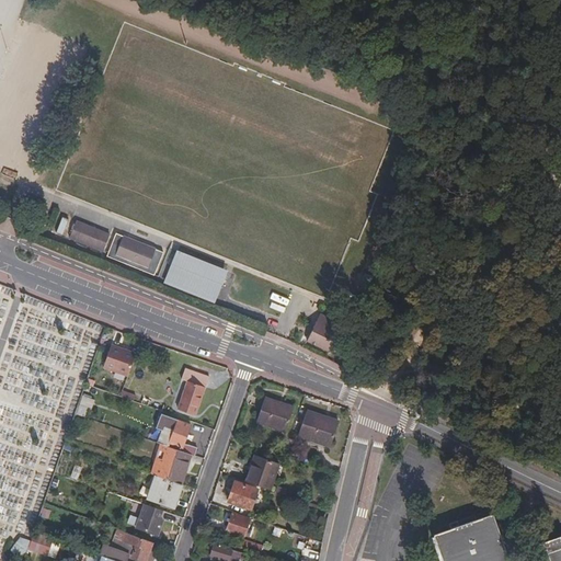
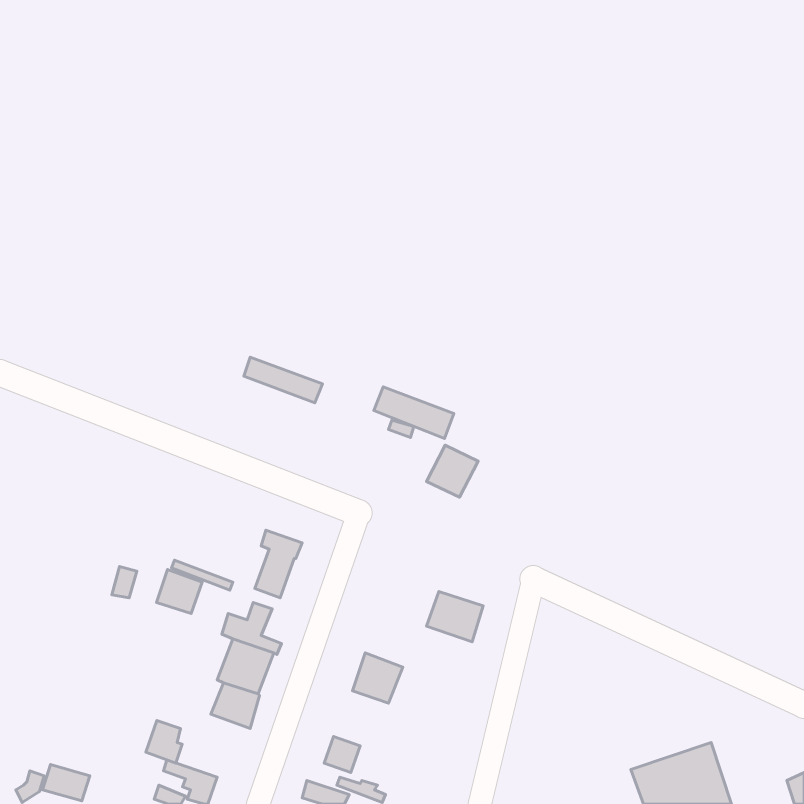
building: [67,221,107,250] -> none
building: [105,233,161,273] -> none
building: [163,262,219,298] -> [374,387,454,439]
building: [103,343,135,374] -> [156,569,202,614]
building: [255,399,293,432] -> none
building: [228,482,257,511] -> none
building: [137,504,162,534] -> [146,721,182,763]

